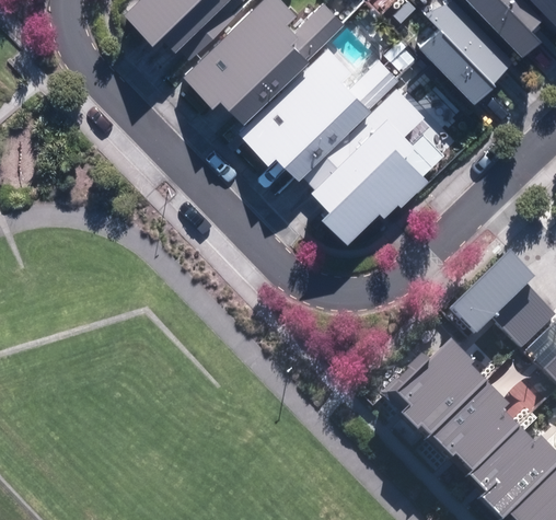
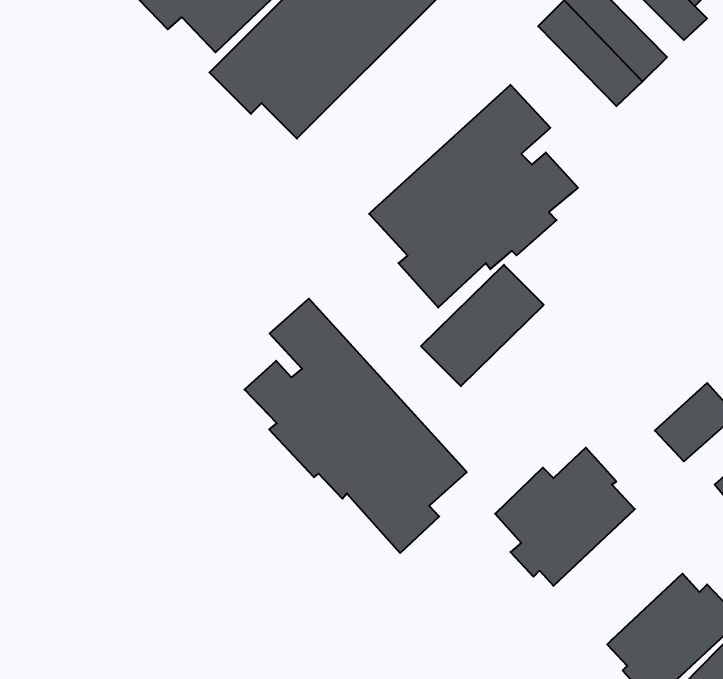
building: [241,45,403,176] -> none
building: none -> [244,299,467,553]
building: [448,253,535,339] -> [421,265,544,386]
building: [428,386,520,479] -> none

